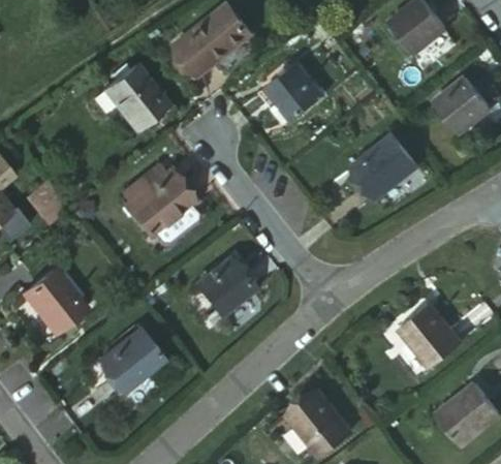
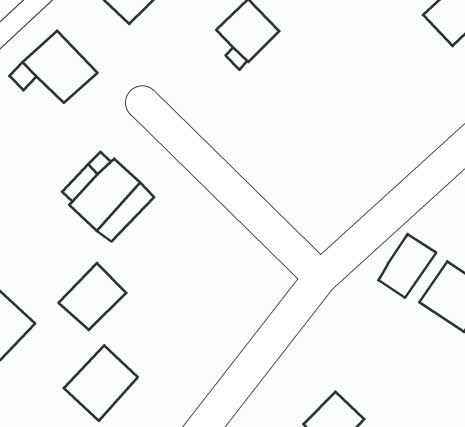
building: [358,138,419,195] -> none
building: [195,257,251,310] -> [59,263,126,330]
building: none -> [378,234,436,298]

